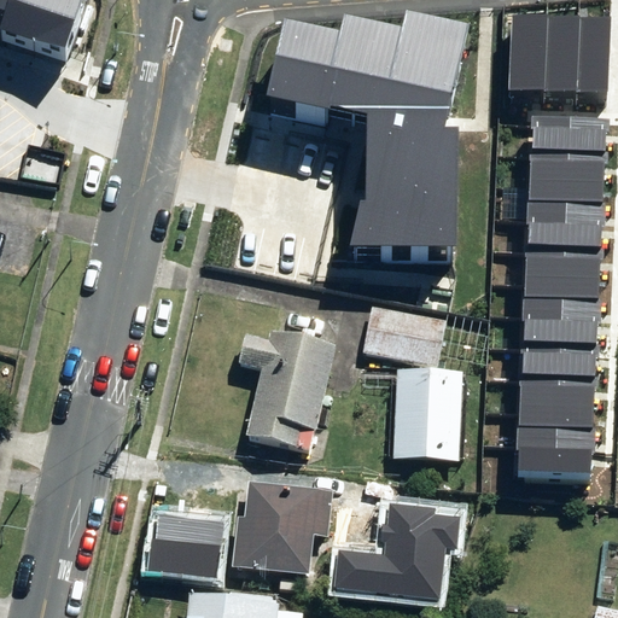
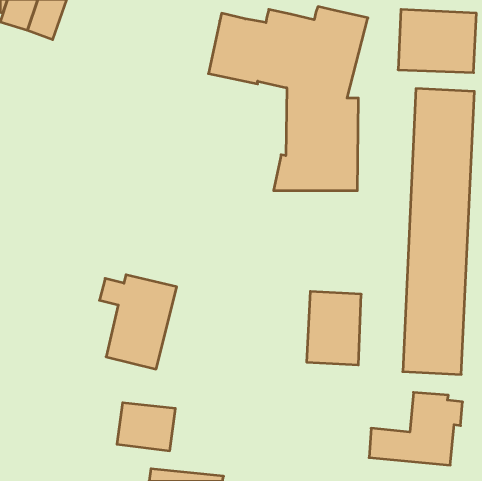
building: [362,309,447,371] -> none
building: [237,334,336,455] -> [99,275,177,369]
building: [232,485,333,579] -> none
building: [334,503,454,596] -> [369,392,463,465]

